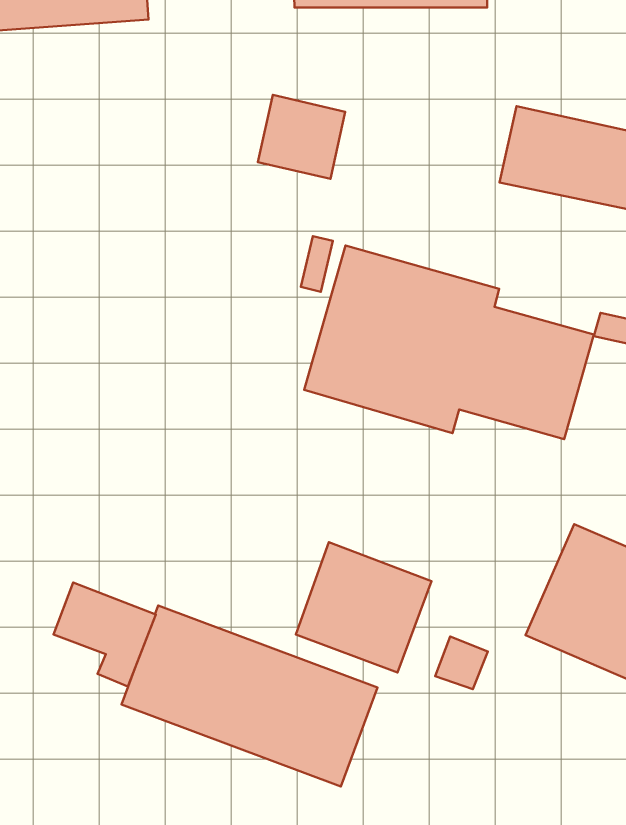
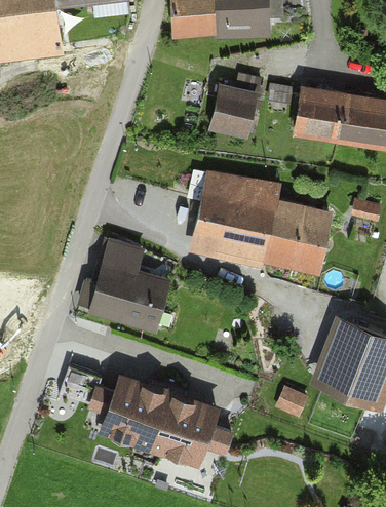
building: [258,95,345,179] -> [208,88,256,133]
building: none -> [73,242,177,327]
building: [296,542,432,673] -> none

